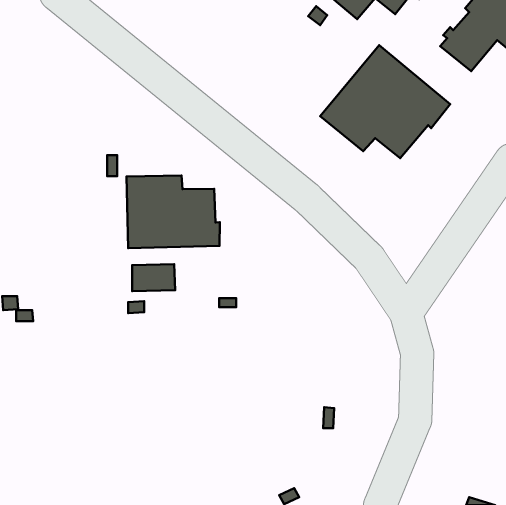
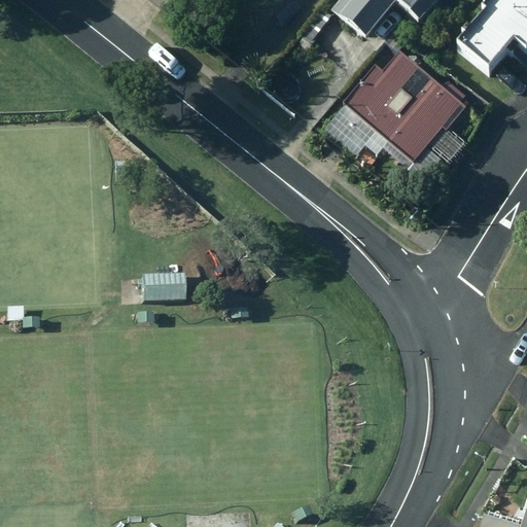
building: [126,176,220,248] -> none

